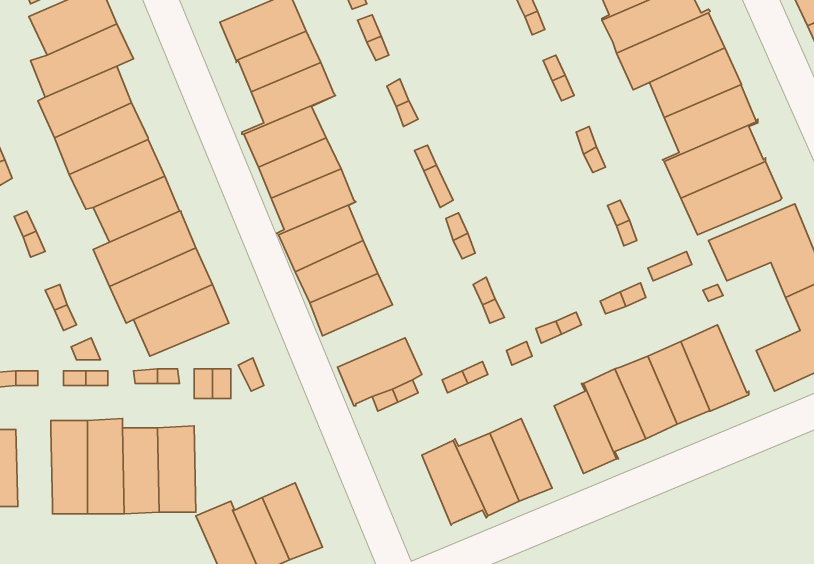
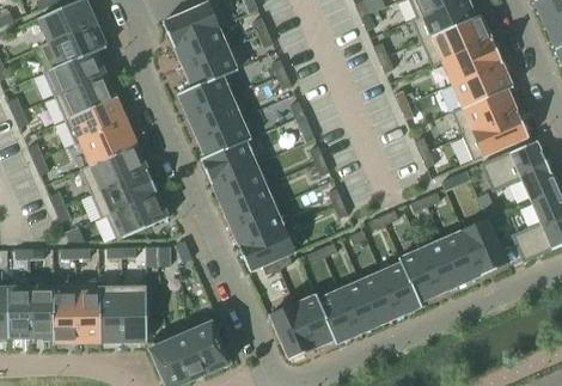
building: none -> [230,204,283,245]
building: none -> [359,270,399,324]
building: none -> [30,286,54,336]
building: none -> [269,302,313,359]

